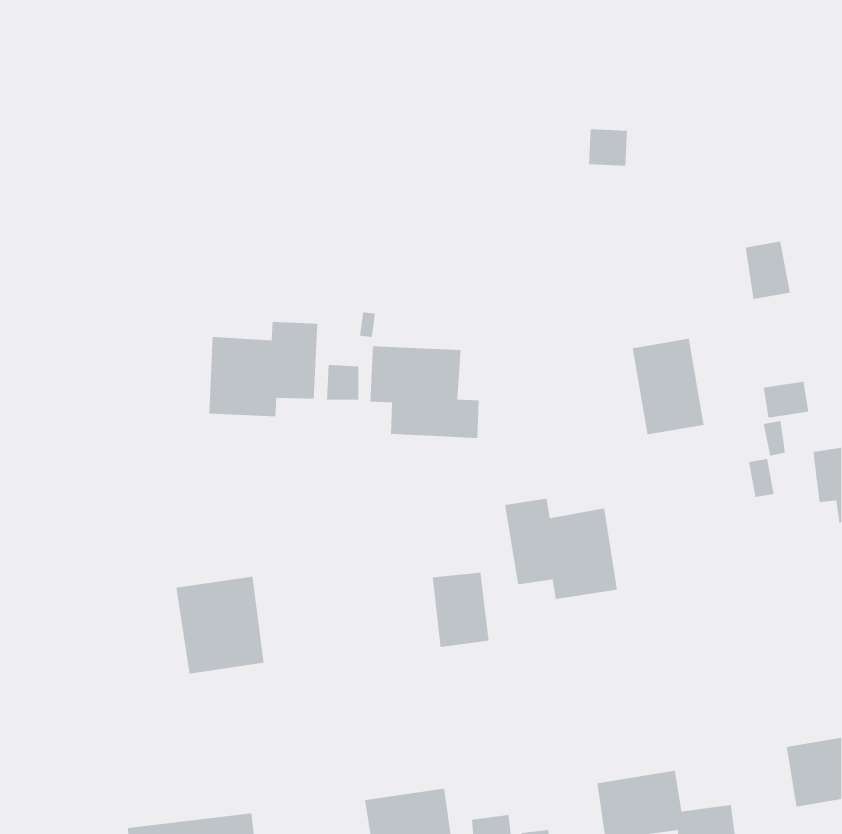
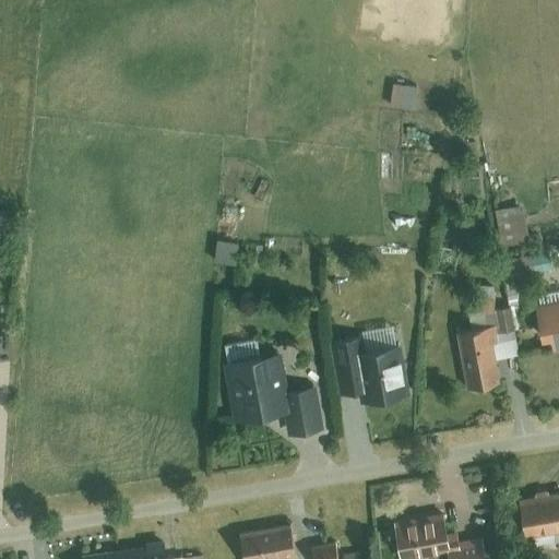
building: [745,241,791,300] -> [499,213,530,252]
building: [208,321,318,417] -> none
building: [632,338,704,435] -> [455,326,503,391]
building: [370,345,480,439] -> none
building: [176,576,265,675] -> [227,354,286,419]

